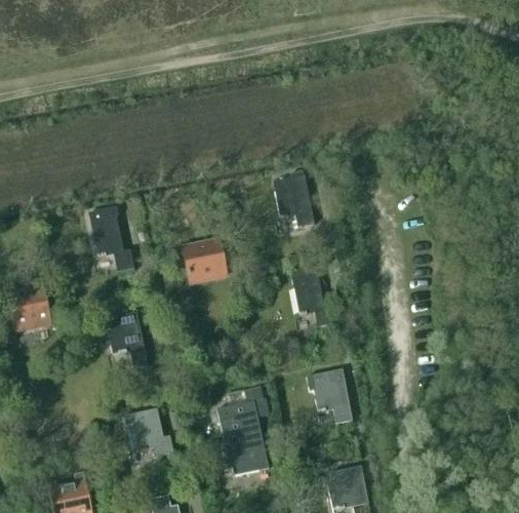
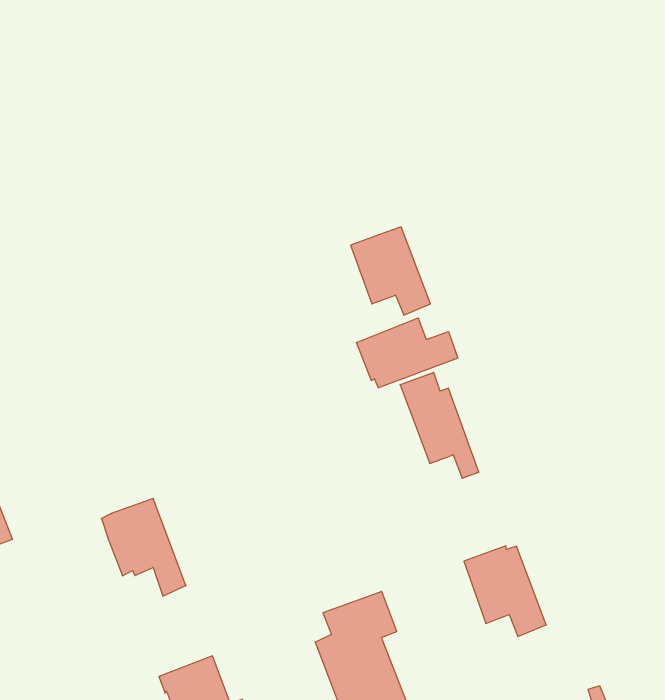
building: [88,206,134,273] -> none
building: none -> [357,318,458,388]
building: [182,240,226,282] -> none

